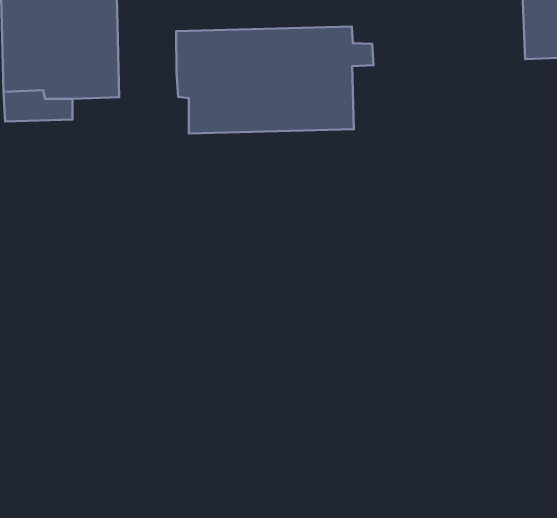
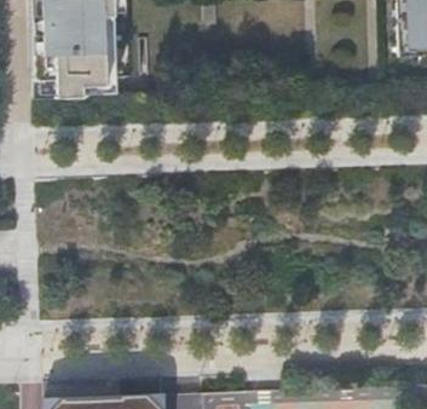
building: [176,26,373,133] -> none

